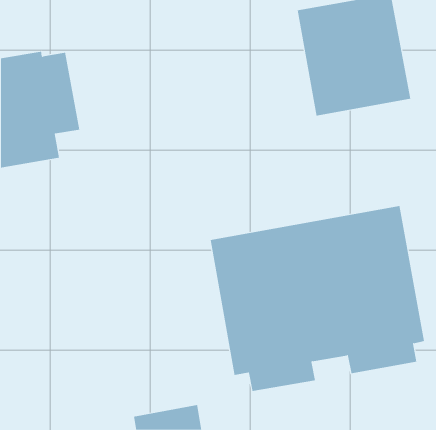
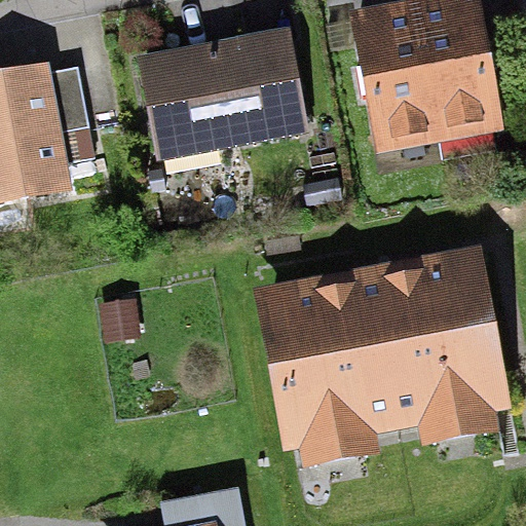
building: none -> [139,28,307,158]

